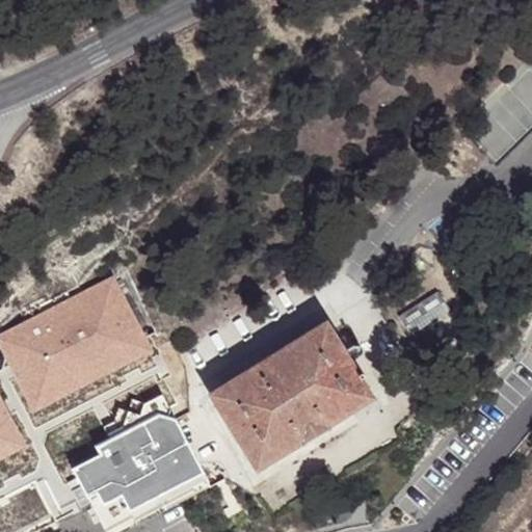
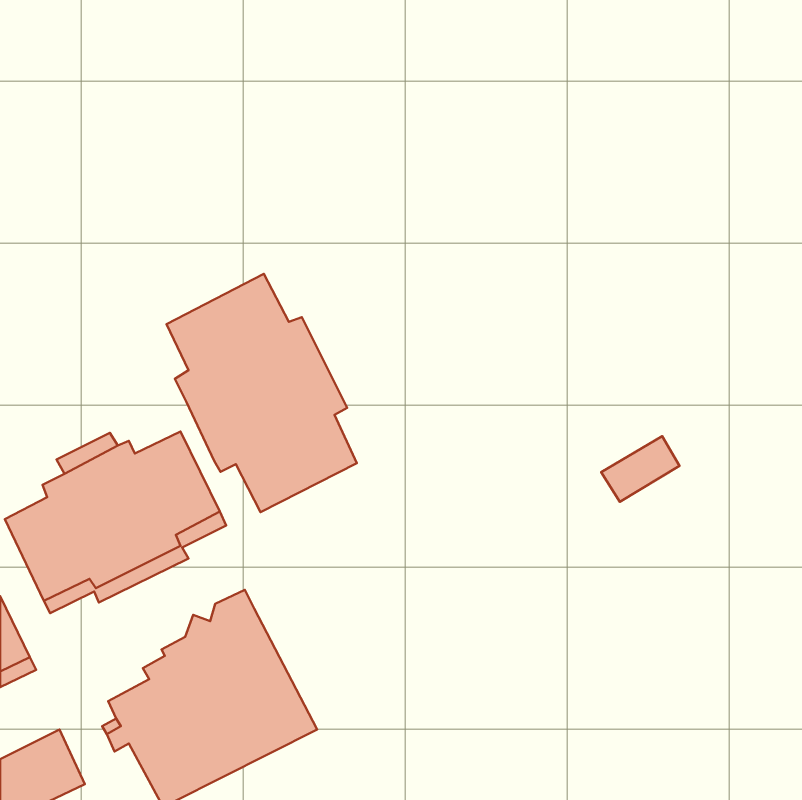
building: none -> [167,274,357,512]
building: [205,321,372,473] -> none

